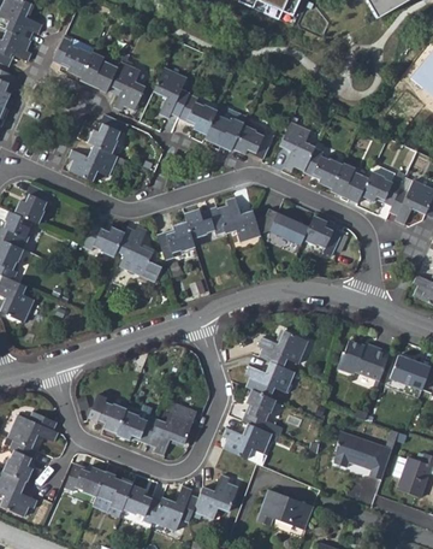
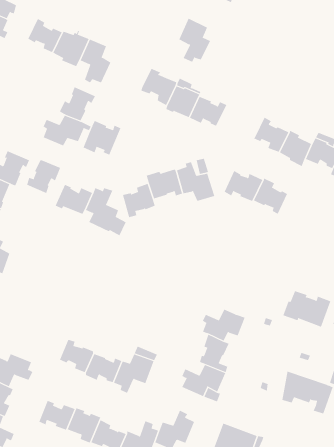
building: [153,67,189,117] -> [178,18,211,62]
building: [278,120,314,170] -> none
building: none -> [83,120,121,156]
building: none -> [26,159,61,194]
building: [257,329,307,366] -> none

